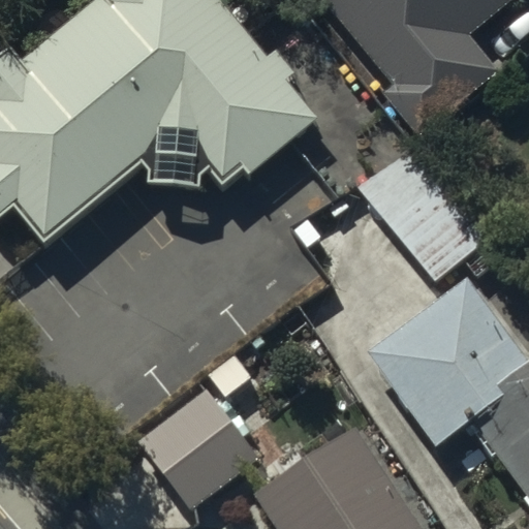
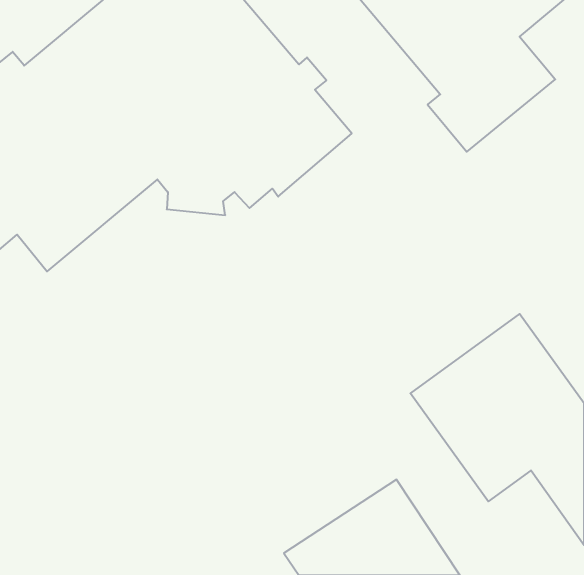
building: [359,135,480,266] -> none
building: [138,390,258,509] -> none

